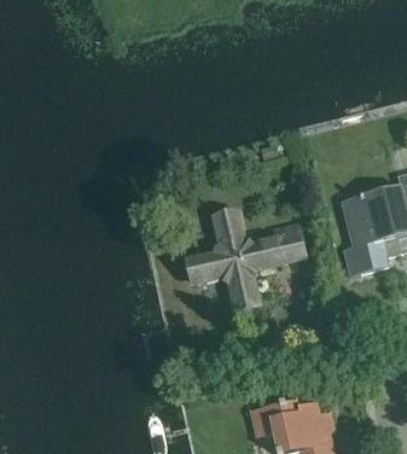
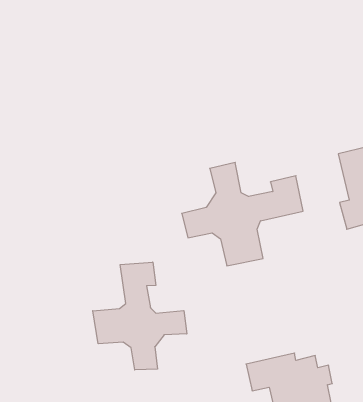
building: none -> [93,262,187,370]

